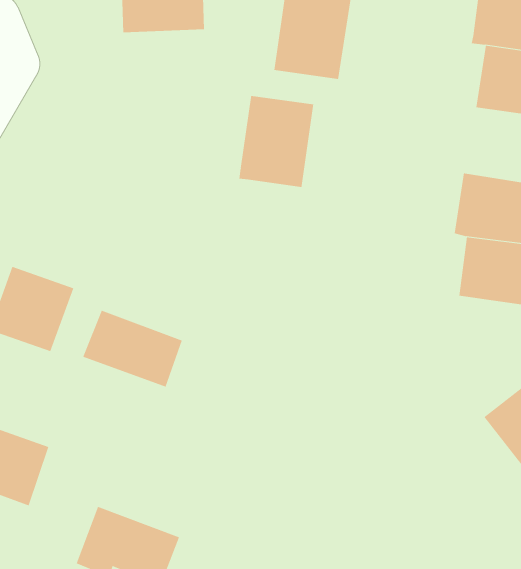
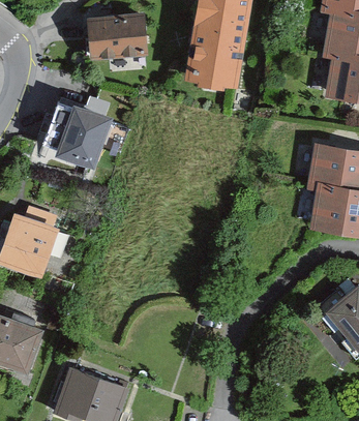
building: [239,95,314,188] -> none
building: none -> [57,109,109,168]
building: [83,310,183,388] -> none

